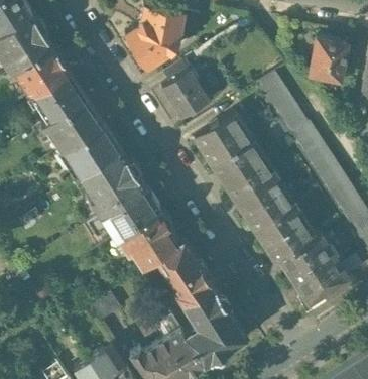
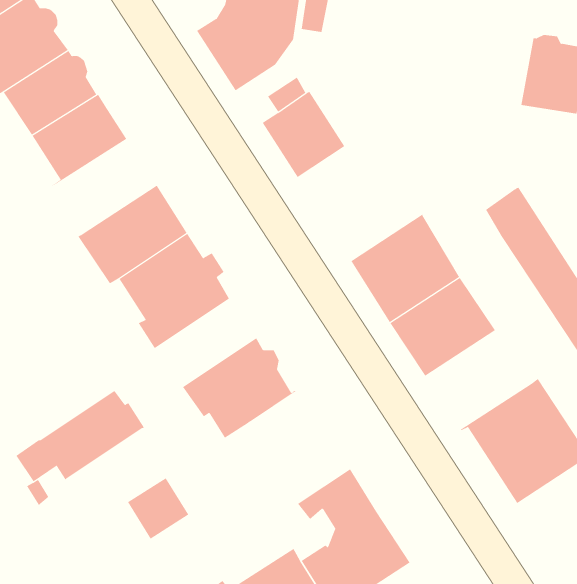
building: [256,75,308,138] -> none
building: [42,98,104,152] -> none
building: [197,113,255,167] -> none
building: [89,188,162,241] -> [15,390,145,482]
building: [256,207,317,263] -> none
building: [156,241,214,305] -> none

